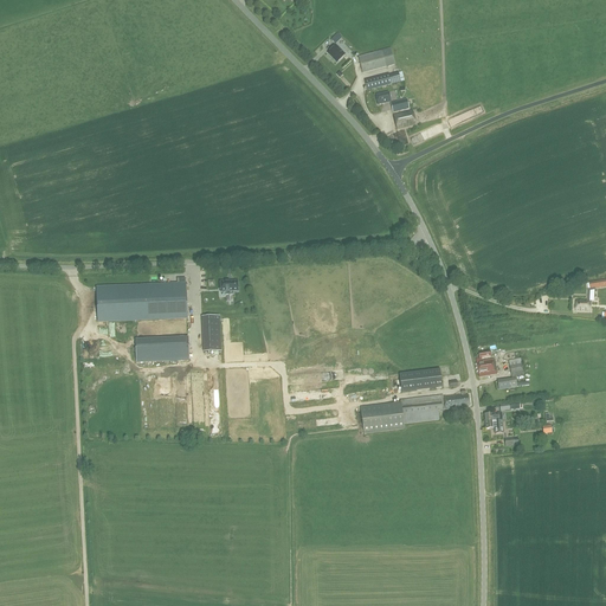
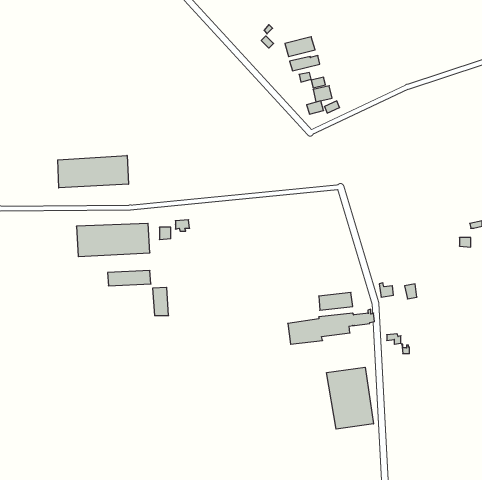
building: none -> [58,155,128,188]
building: [201,314,221,349] -> [153,287,169,316]
building: none -> [327,367,373,429]

